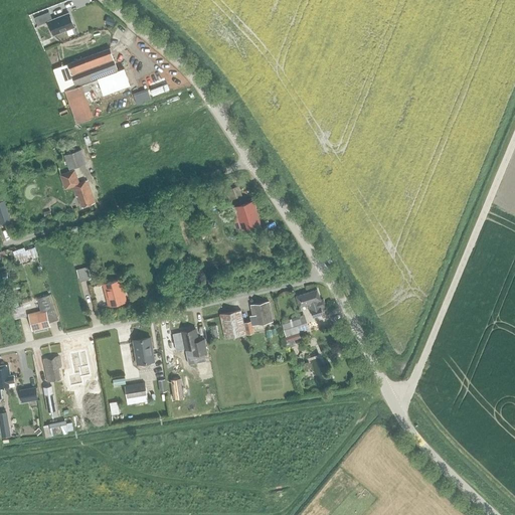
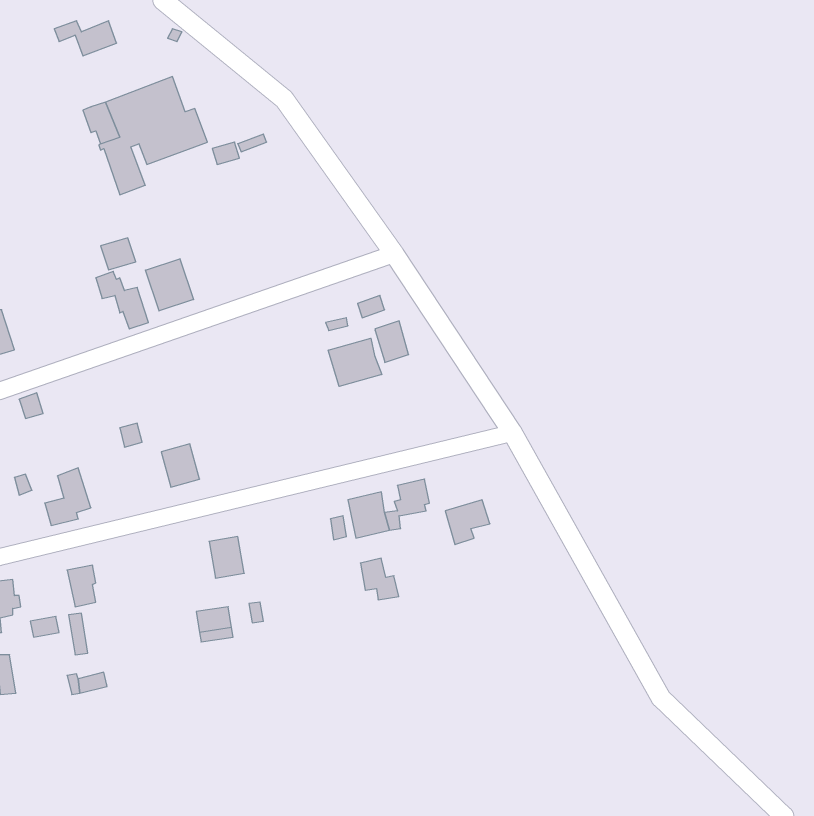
building: none -> [145,259,194,311]
building: none -> [328,338,382,386]
building: [295,290,325,318] -> none
building: [181,329,205,355] -> [360,558,399,600]

